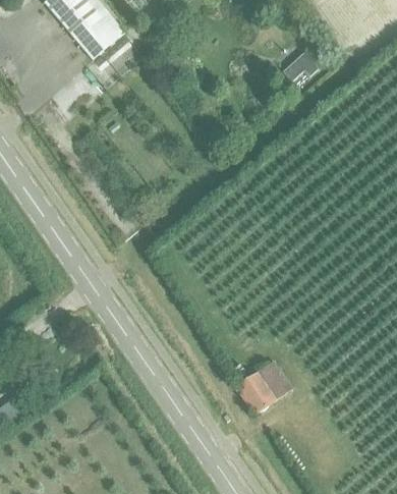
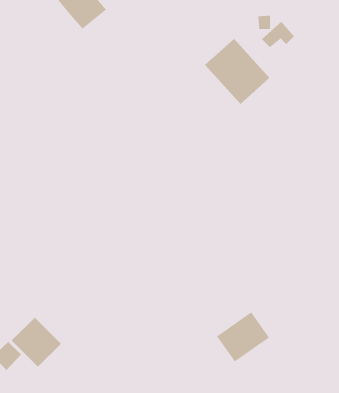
building: none -> [204,38,270,105]
building: none -> [11,317,62,367]

